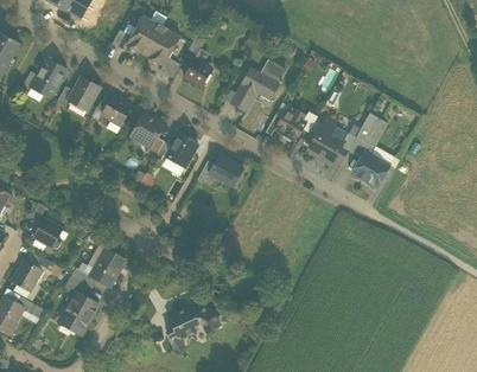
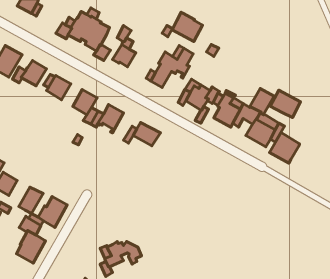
building: none -> [172,12,202,41]
building: none -> [270,90,300,118]
building: none -> [269,133,300,163]
building: none -> [19,187,43,213]

